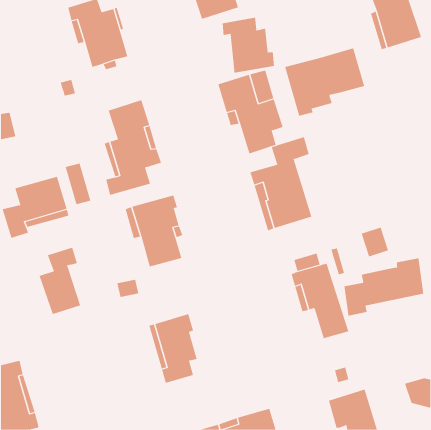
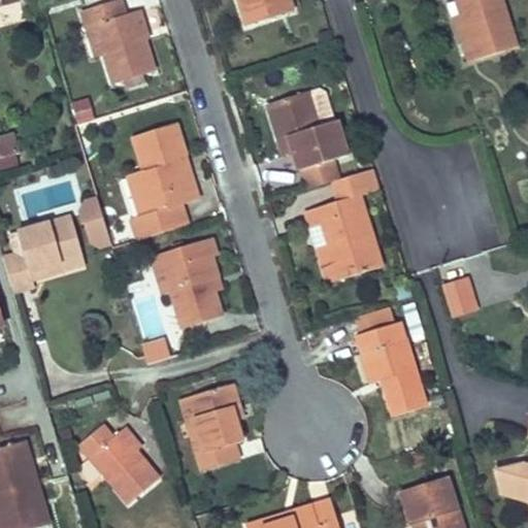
building: [222,17,275,74] -> none
building: [284,47,365,116] -> none
building: [39,247,81,315] -> none
building: [344,258,424,316] -> none
building: none -> [77,424,157,503]

